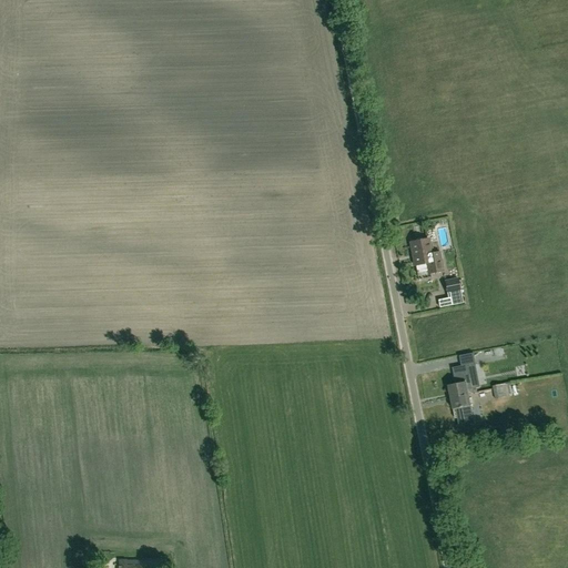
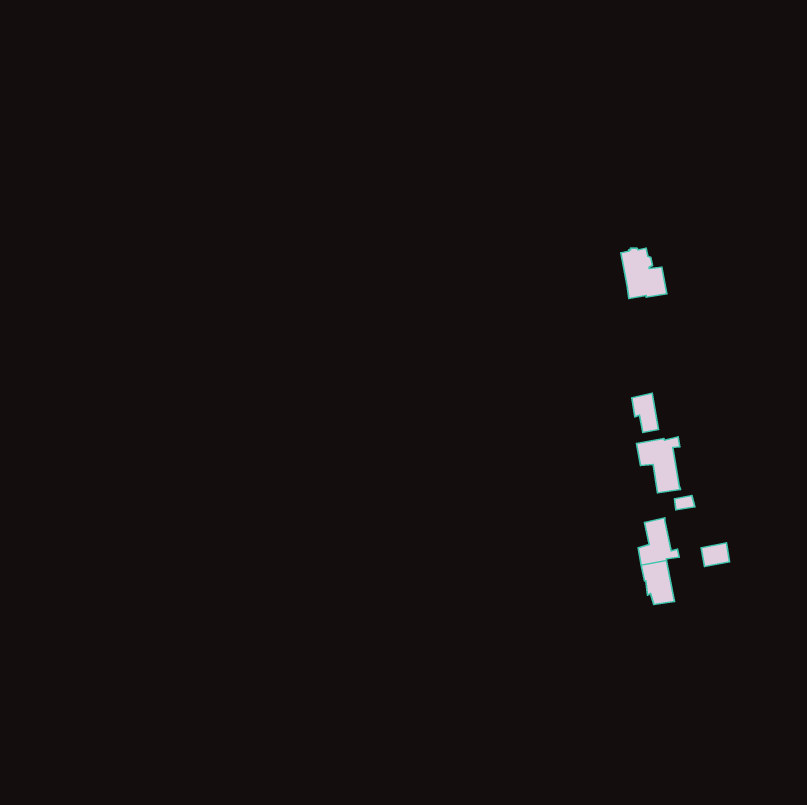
building: [410,237,443,273] -> [621,248,667,299]
building: none -> [636,437,680,493]

